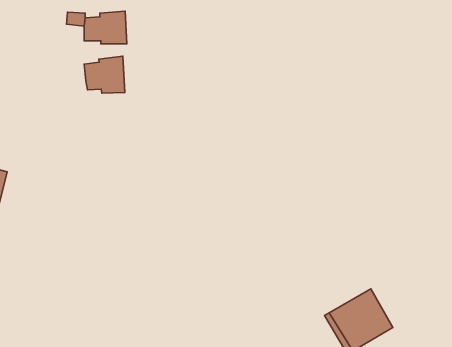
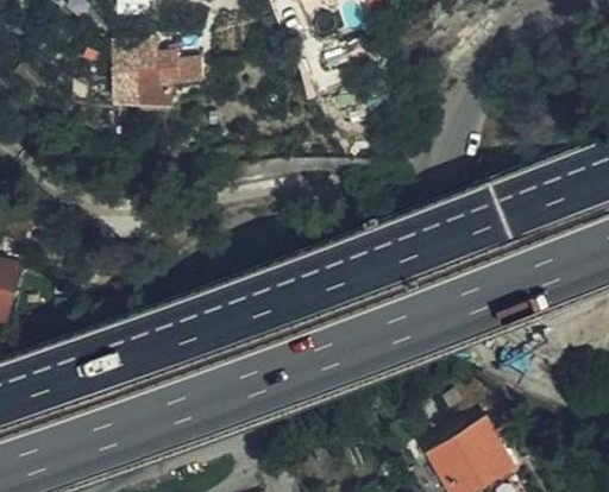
building: [84,56,125,93] -> none

